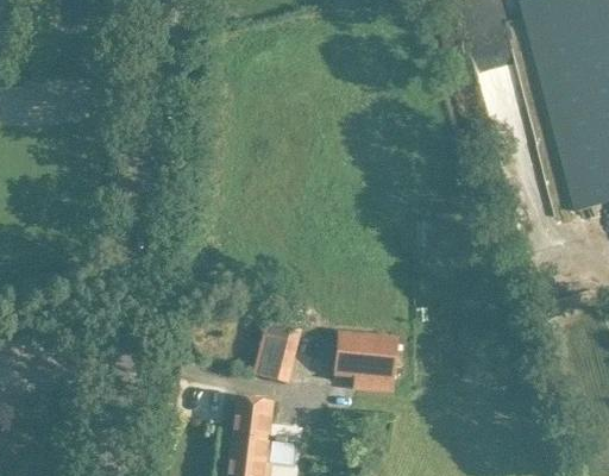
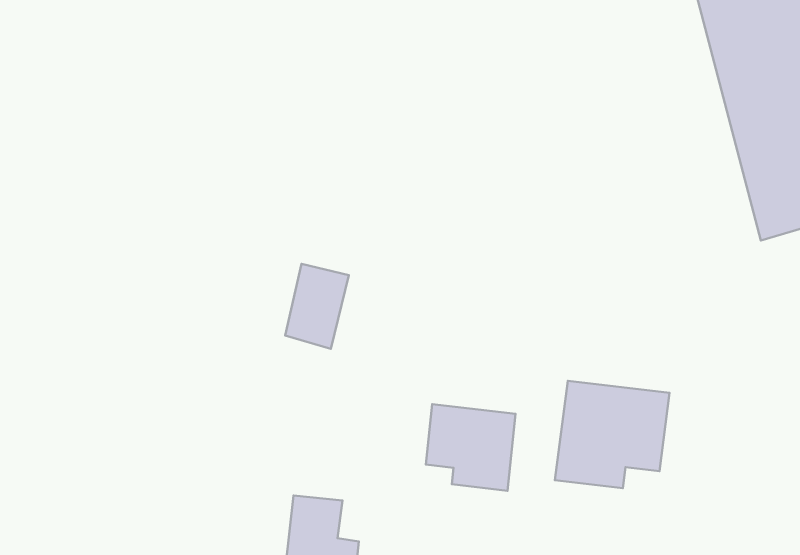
building: none -> [555,381,669,488]
building: [253,321,300,383] -> [285,264,349,349]

